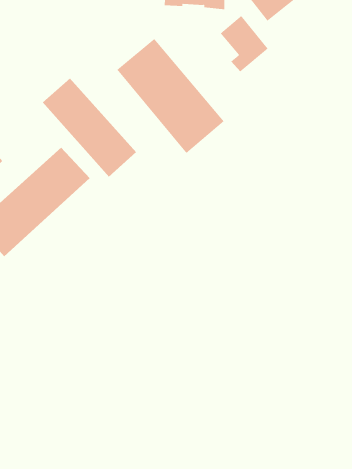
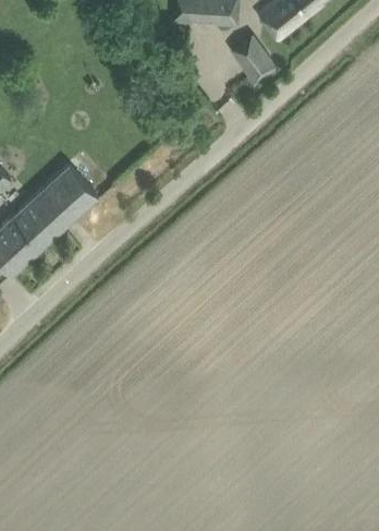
building: [116,38,224,154] -> none
building: [42,78,137,177] -> none

